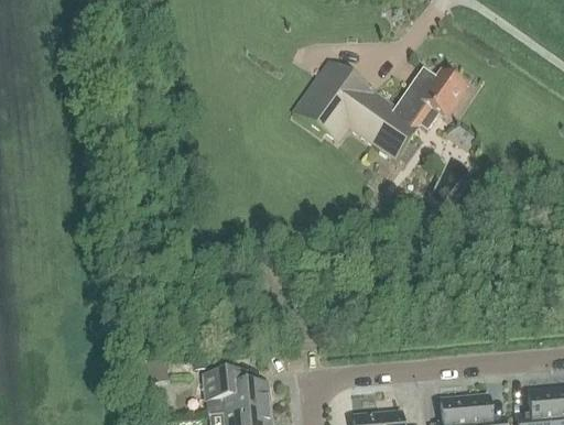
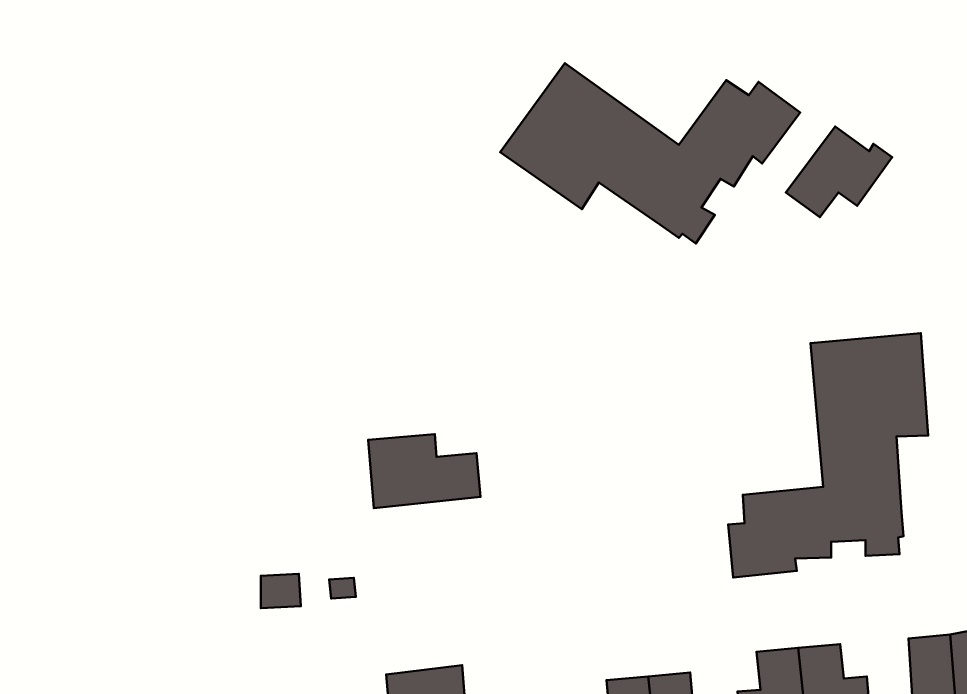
building: none -> [786,126,892,217]
building: none -> [728,333,928,577]
building: [205,371,270,414] -> [368,434,480,508]

